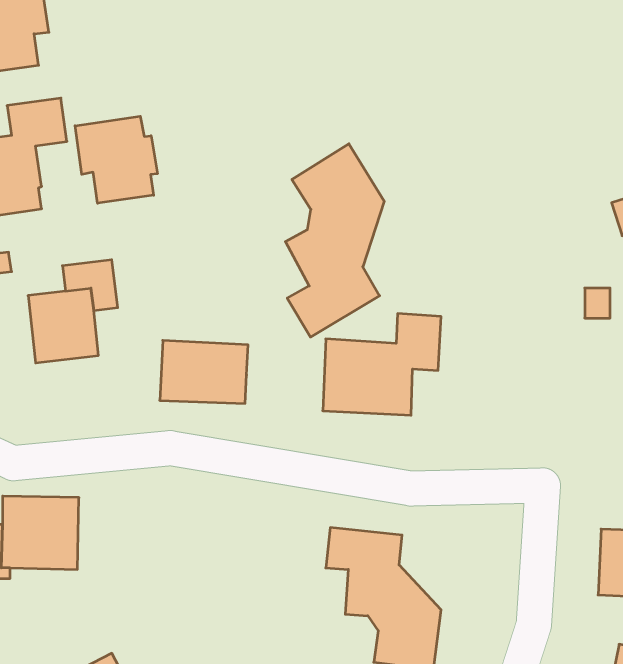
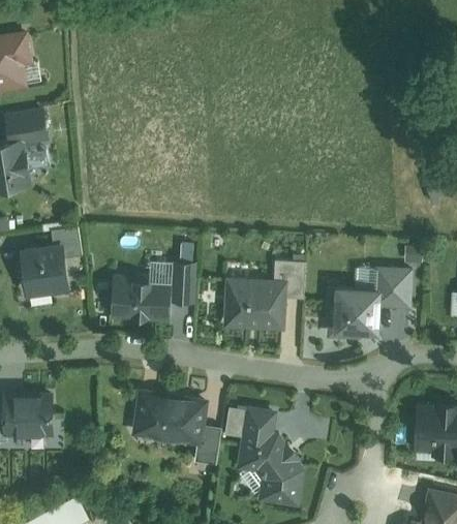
building: [75,116,157,203] -> none
building: [285,144,384,337] -> none
building: none -> [171,260,193,304]
building: none -> [327,268,413,342]
building: none -> [134,390,221,467]

